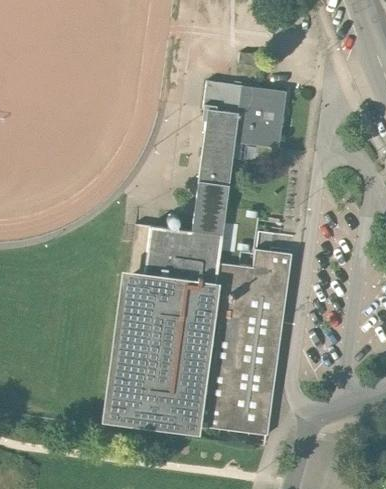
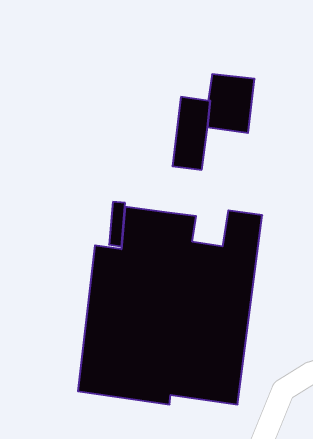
building: [208,83,241,116] -> none
building: [193,185,230,238] -> none

